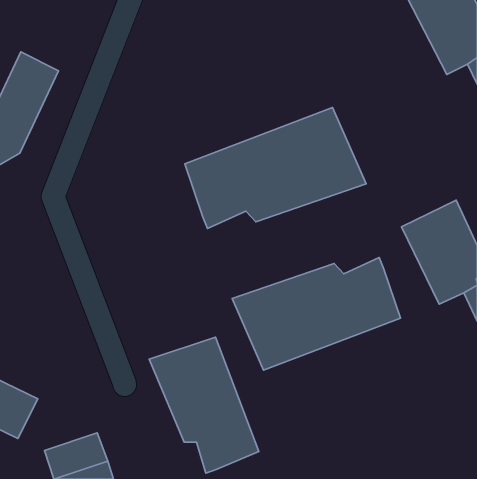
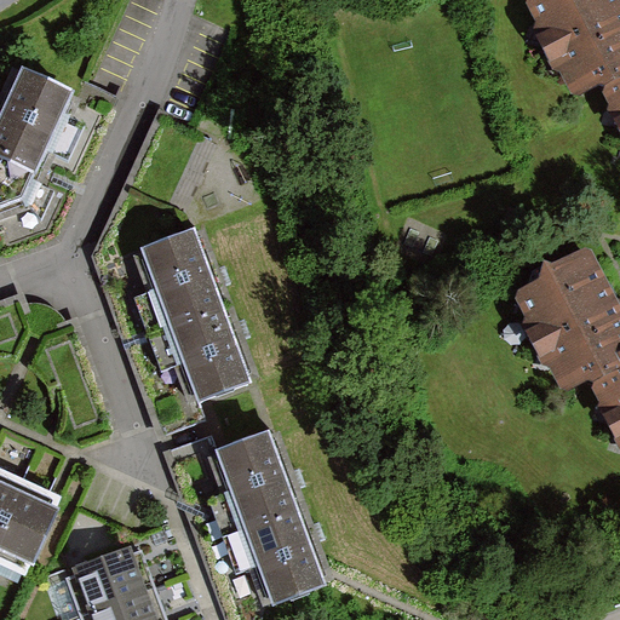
building: [185,107,366,229] -> none
building: none -> [133,226,252,397]
building: [232,257,400,370] -> none

